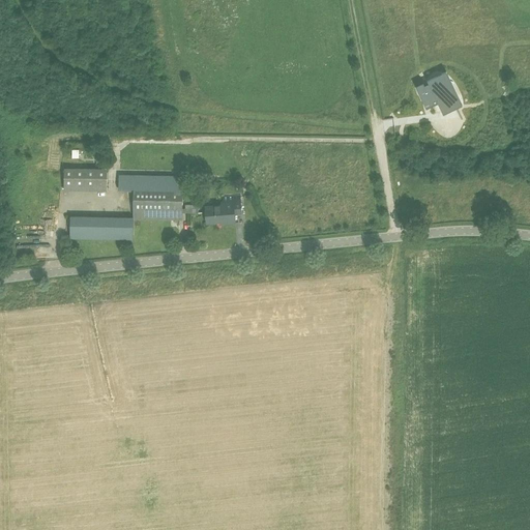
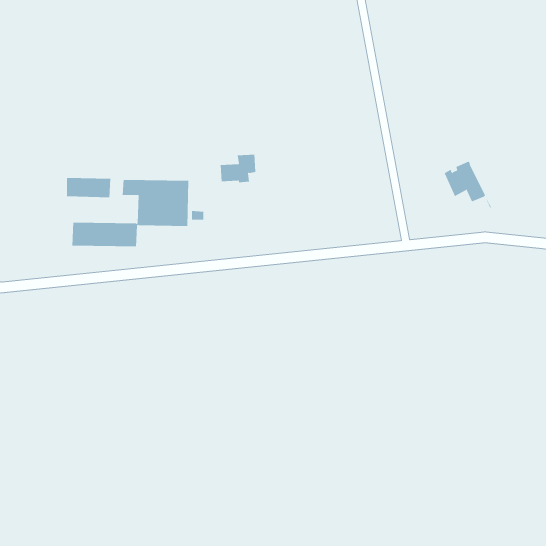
building: [416,71,463,120] -> [444,158,492,209]
building: [206,196,241,224] -> [220,154,256,183]

